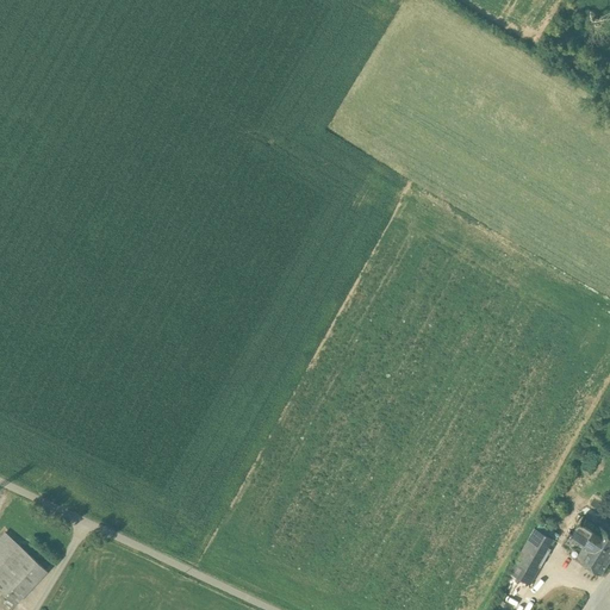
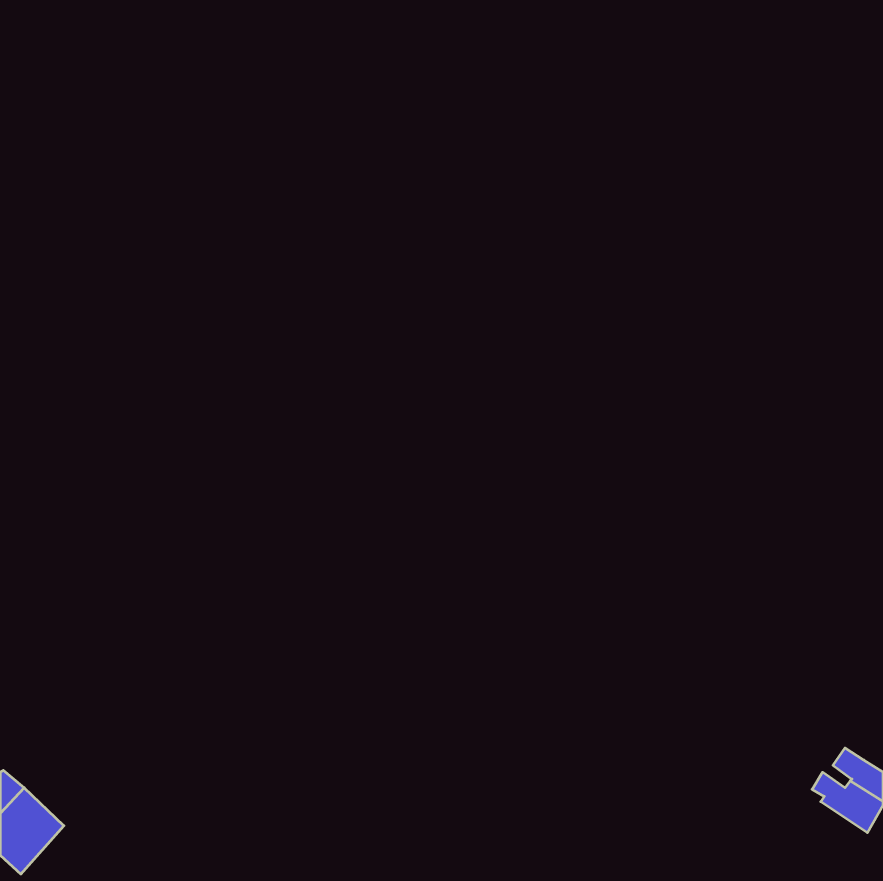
building: [513,531,553,577] -> none

